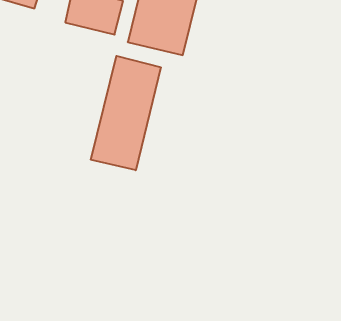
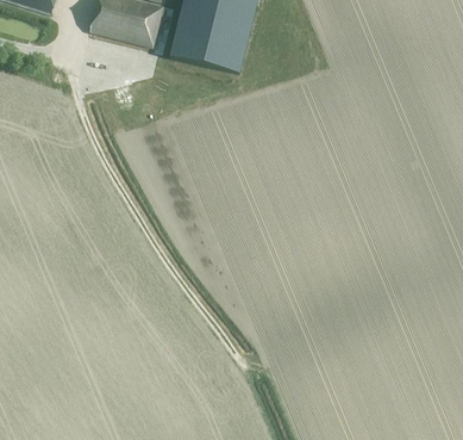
building: [91,56,161,170] -> none

